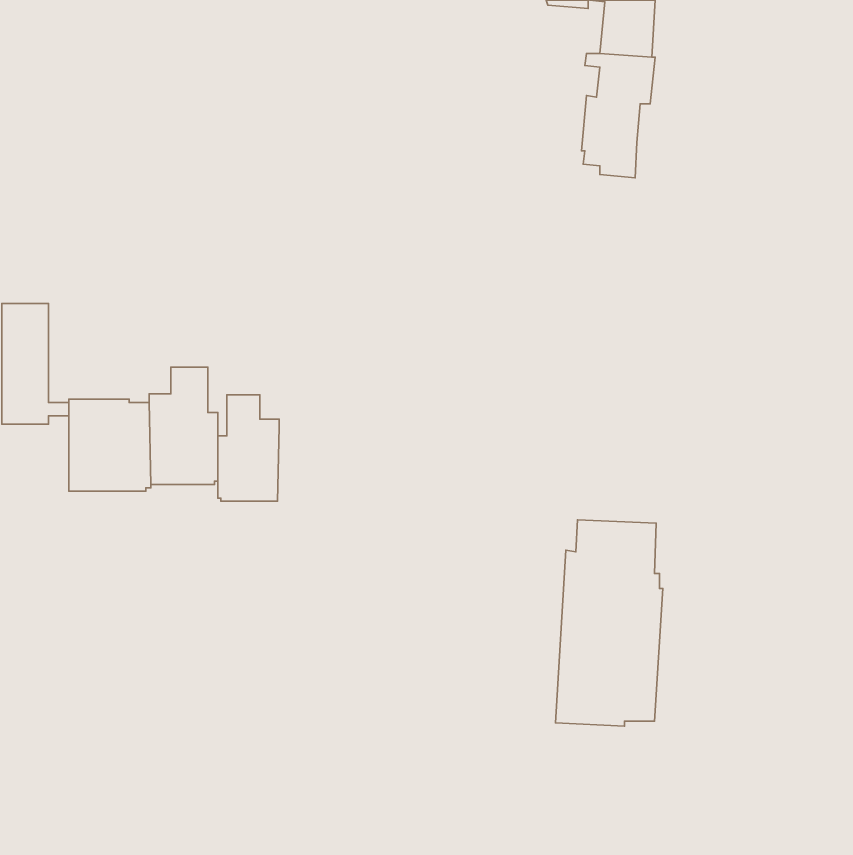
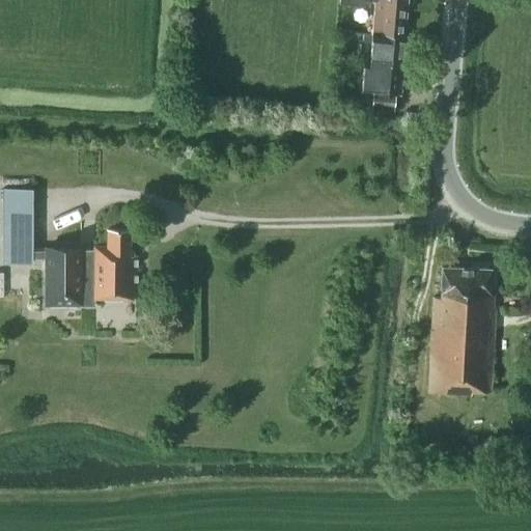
building: [218,395,279,501] -> none
building: [556,520,663,726] -> [429,267,496,394]

